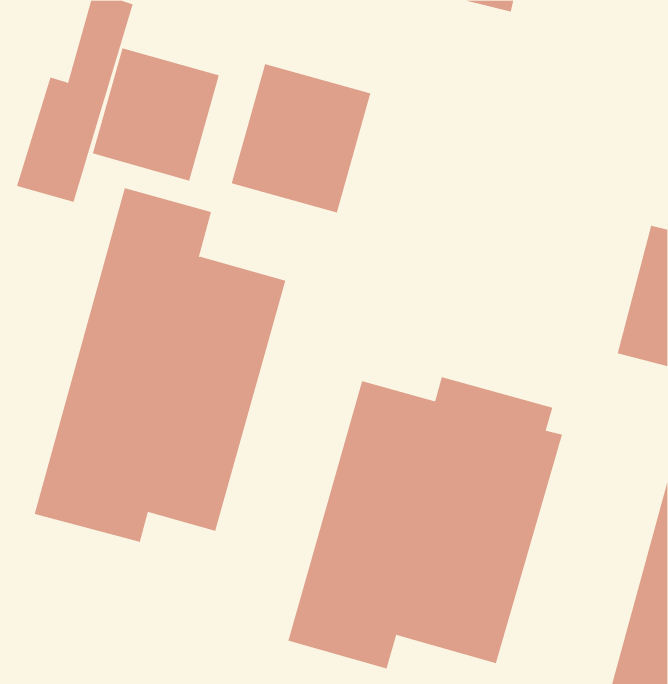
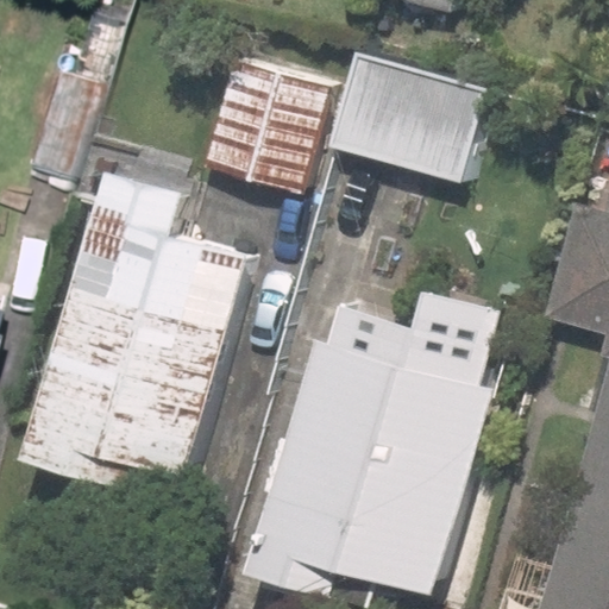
building: [92,47,219,182] -> none
building: none -> [331,54,489,180]

